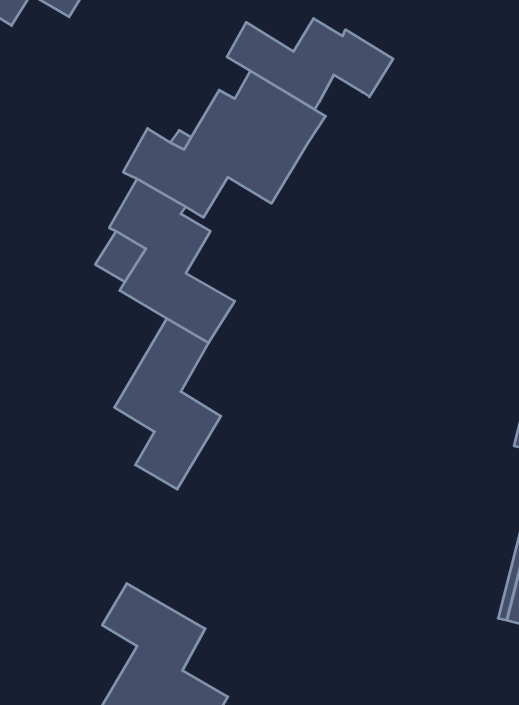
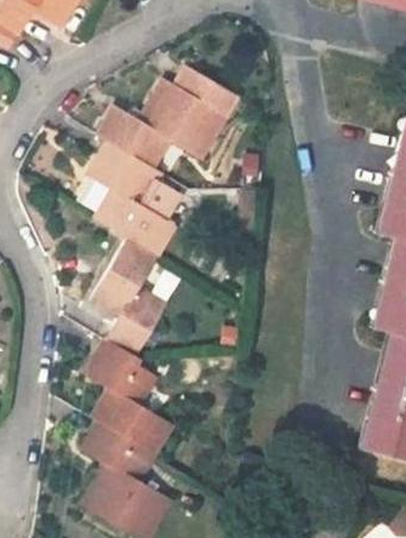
building: [227,18,393,109] -> none
building: none -> [87,339,175,453]

